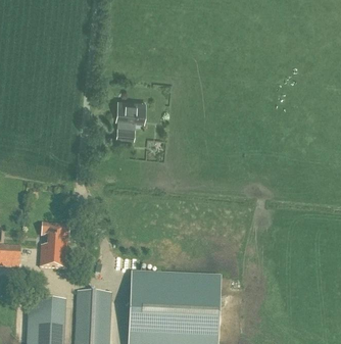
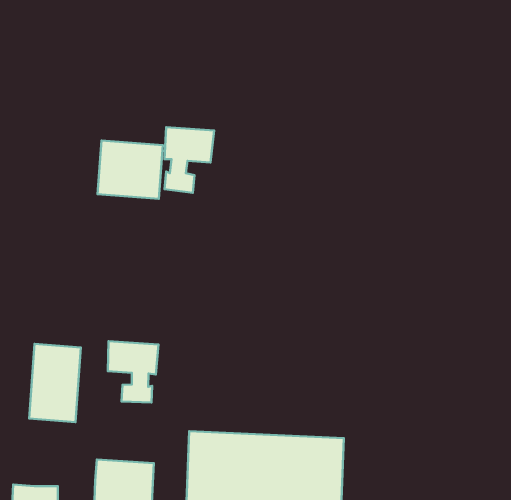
building: none -> [98,141,163,199]
building: none -> [108,341,159,402]

